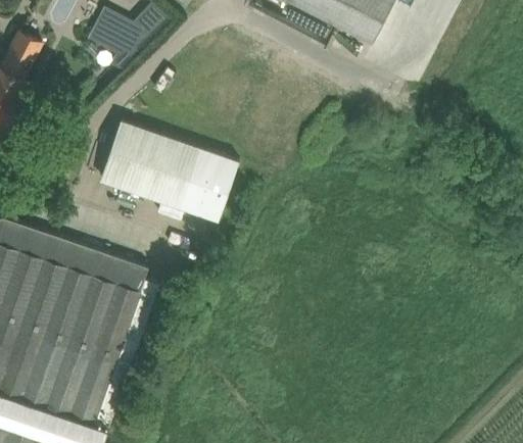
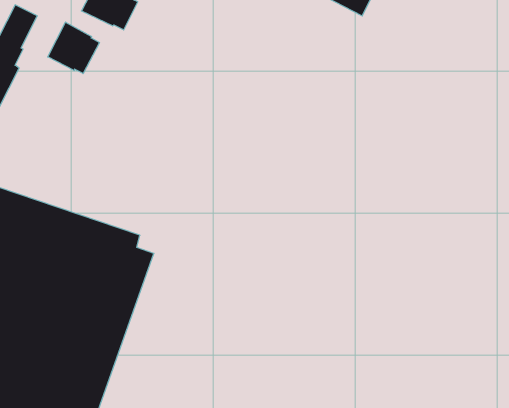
building: none -> [48,22,99,74]
building: [96,119,235,220] -> none

